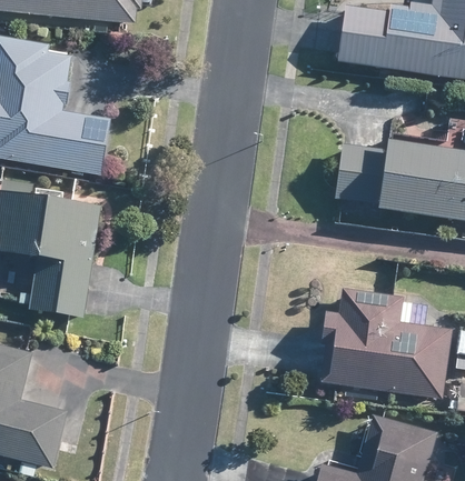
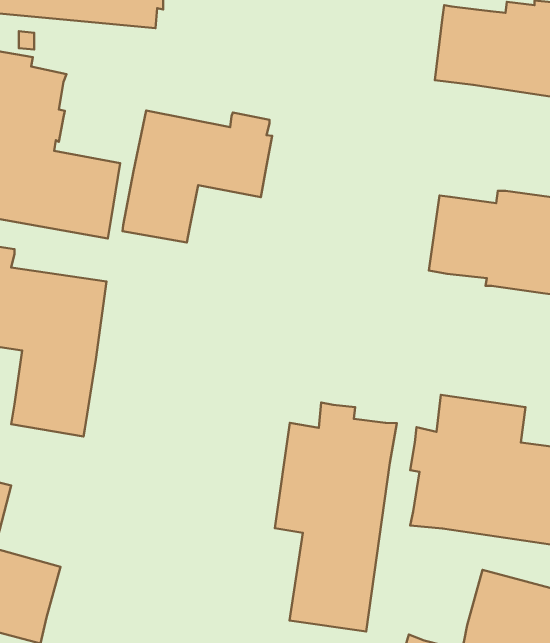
building: none -> [122,110,272,242]
building: none -> [275,402,397,632]

